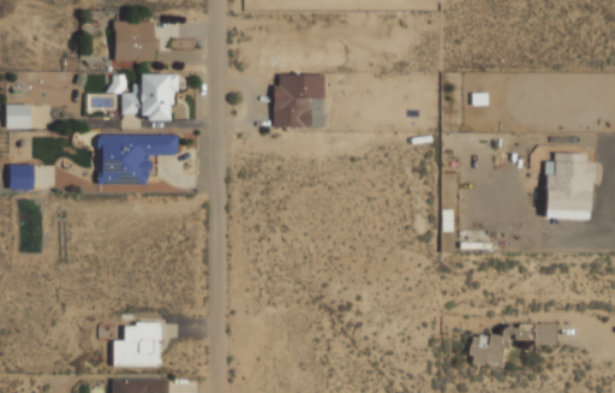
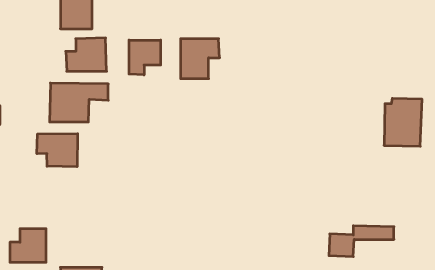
building: none -> [129,40,161,75]
building: none -> [37,134,78,167]
building: [113,322,161,367] -> [10,229,46,262]

